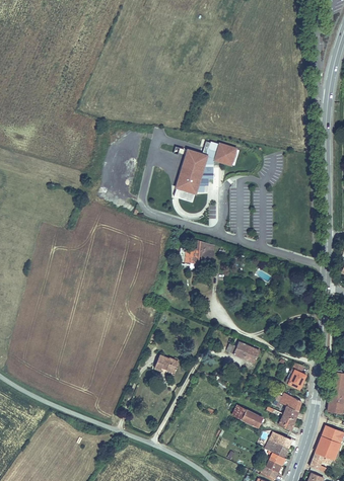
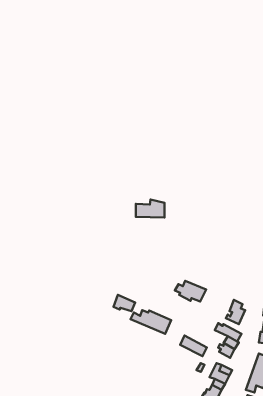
building: [174,143,236,203] -> none
building: none -> [131,310,171,334]

